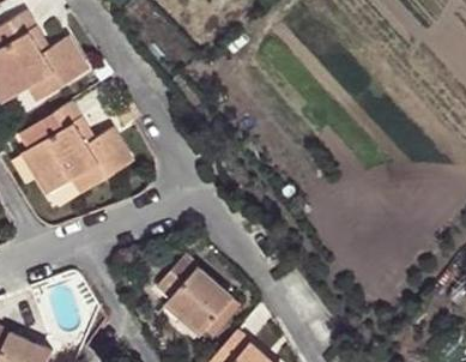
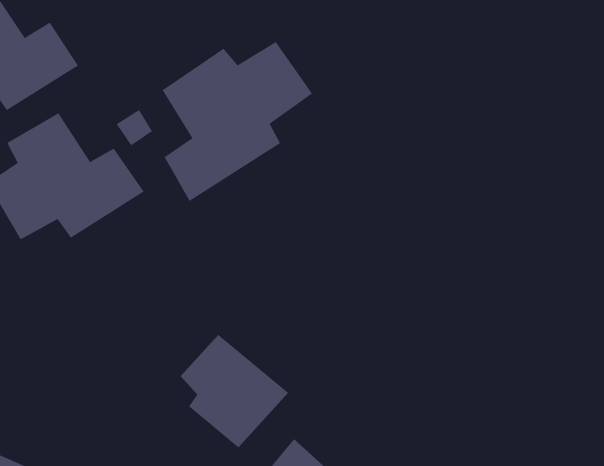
building: none -> [162,41,313,202]

